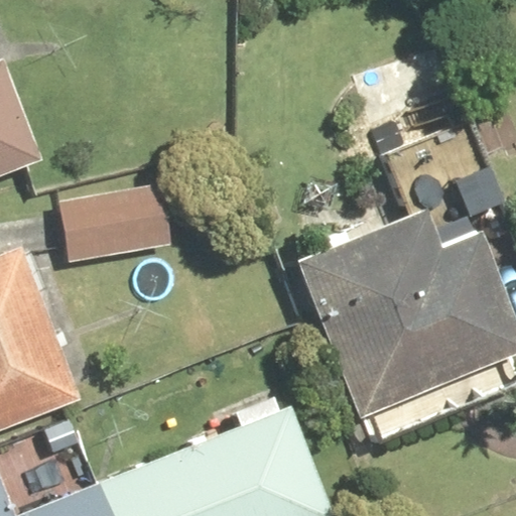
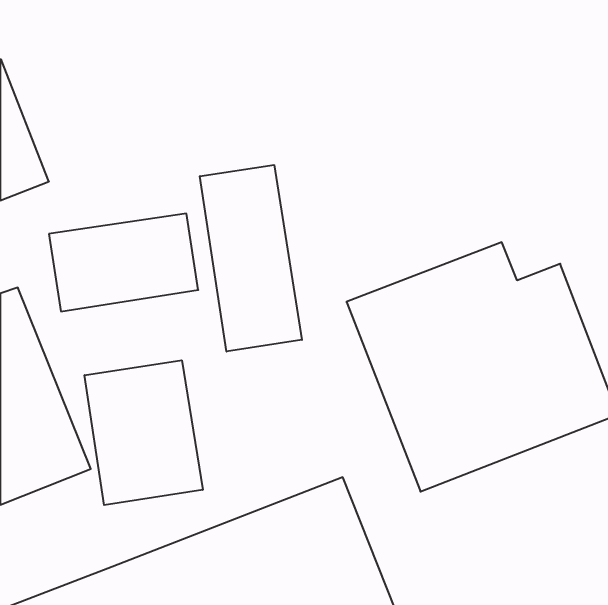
building: none -> [200,165,302,352]
building: none -> [85,360,203,505]

